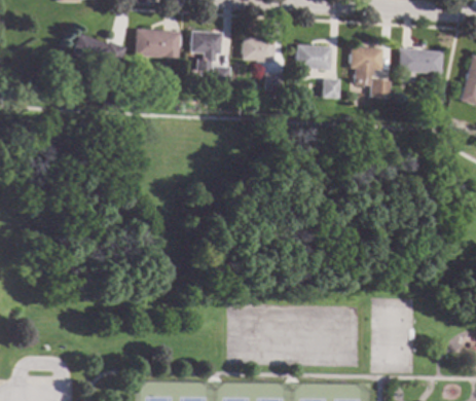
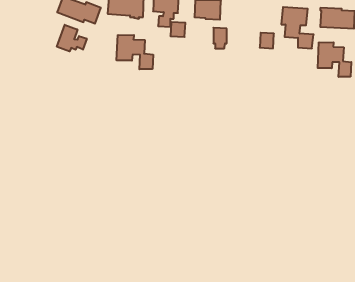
building: [297,43,332,69] -> none
building: none -> [57,25,87,51]
building: none -> [117,35,153,69]
building: none -> [318,42,351,77]

